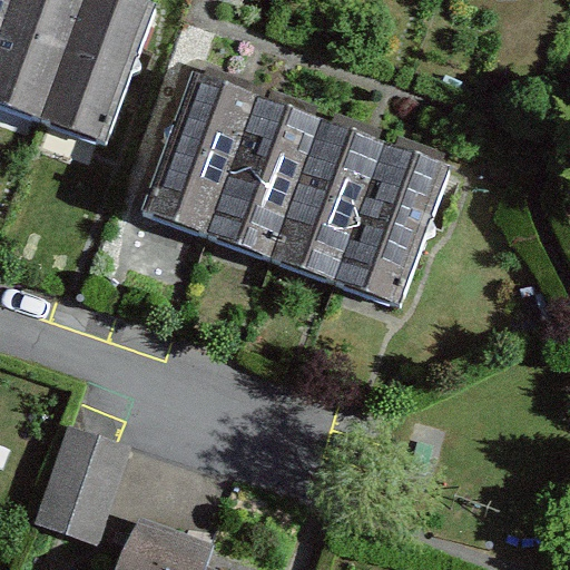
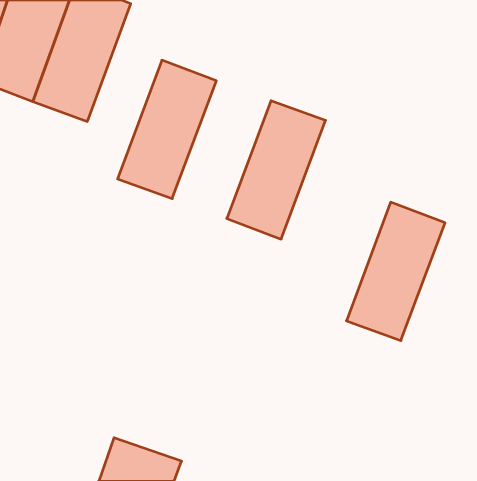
building: [204,96,321,258] -> none
building: [333,142,450,306] -> [346,202,445,341]
building: [38,426,125,540] -> none

